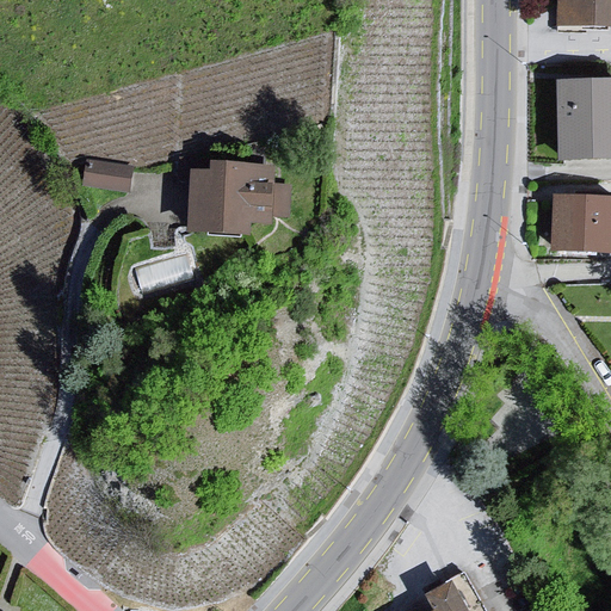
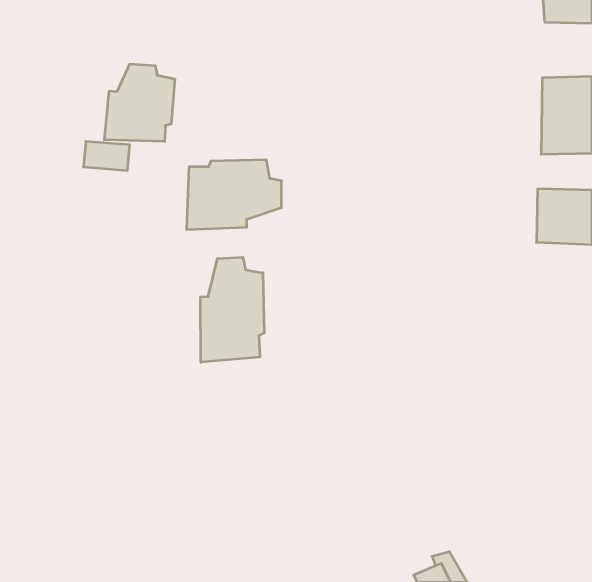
building: none -> [104,64,175,142]
building: none -> [201,257,264,362]

